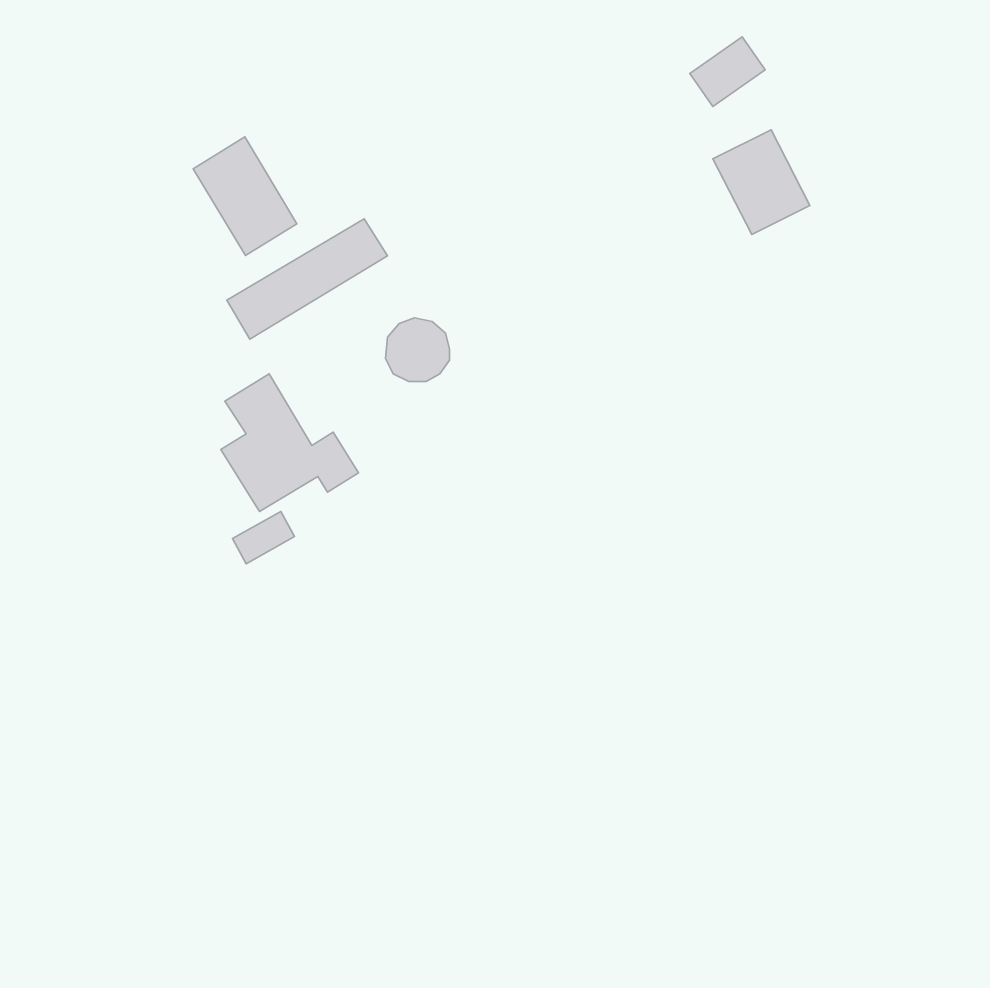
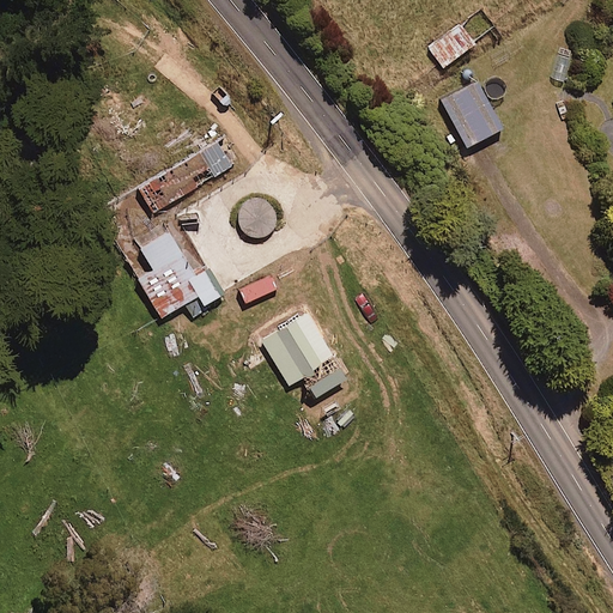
building: [193,137,297,256] -> none
building: none -> [262,315,344,396]

